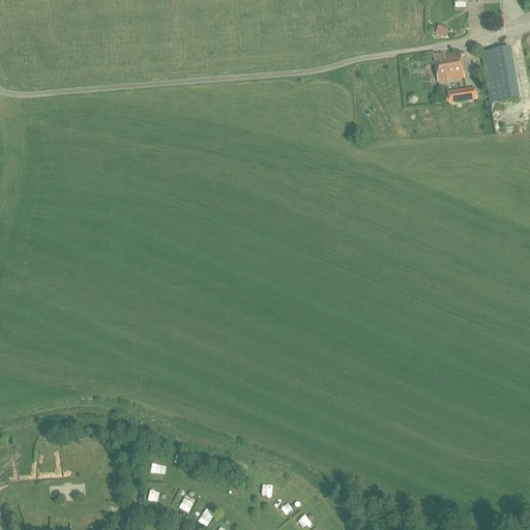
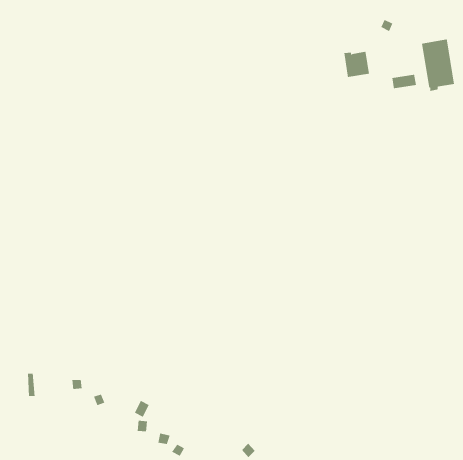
building: [434,50,464,80] -> [344,51,370,77]

